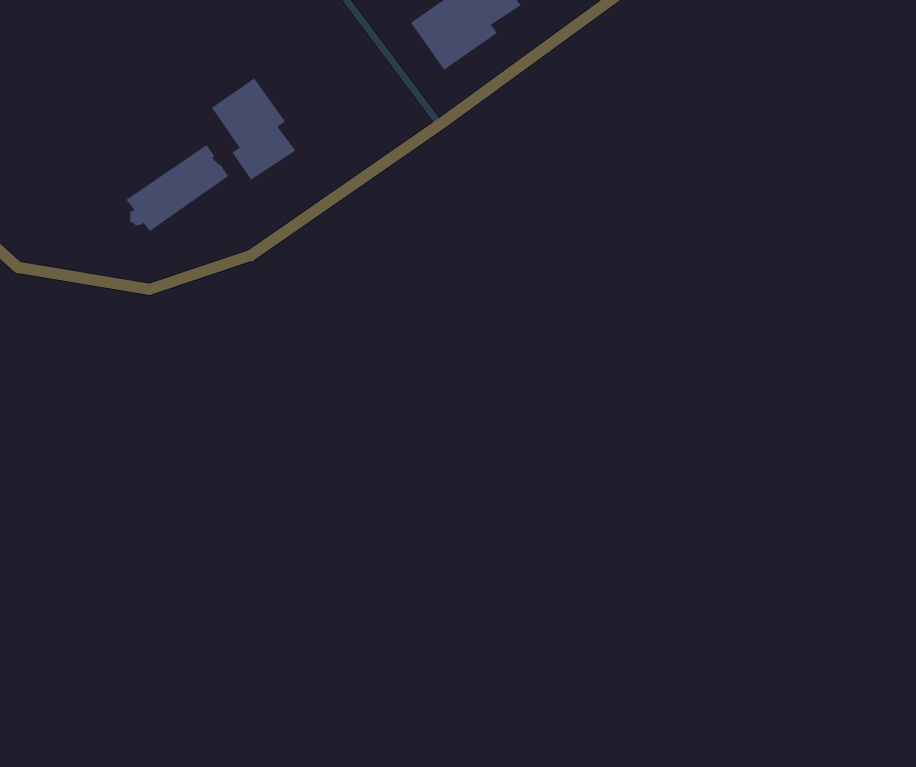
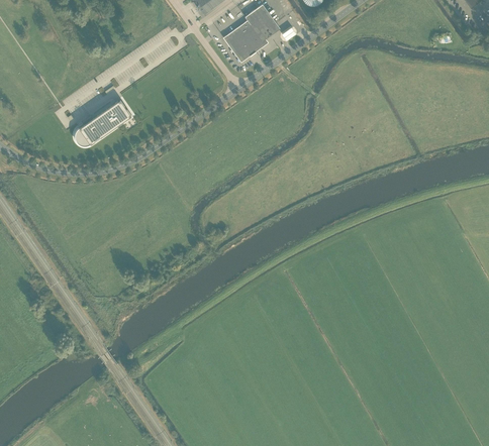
building: [211,77,296,180] -> none

